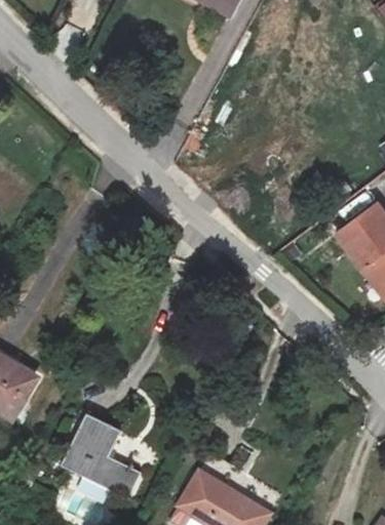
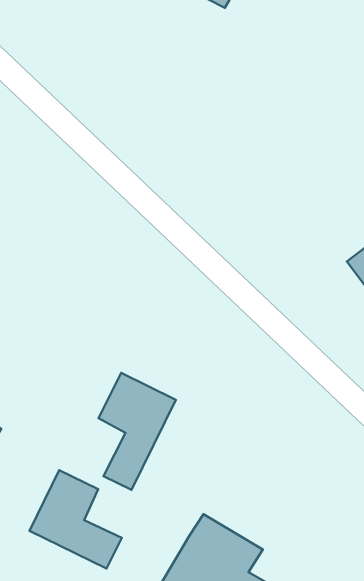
building: none -> [98,373,176,490]

